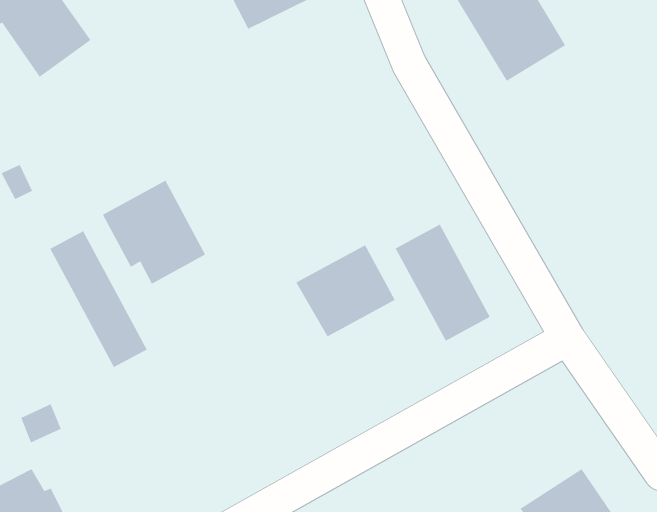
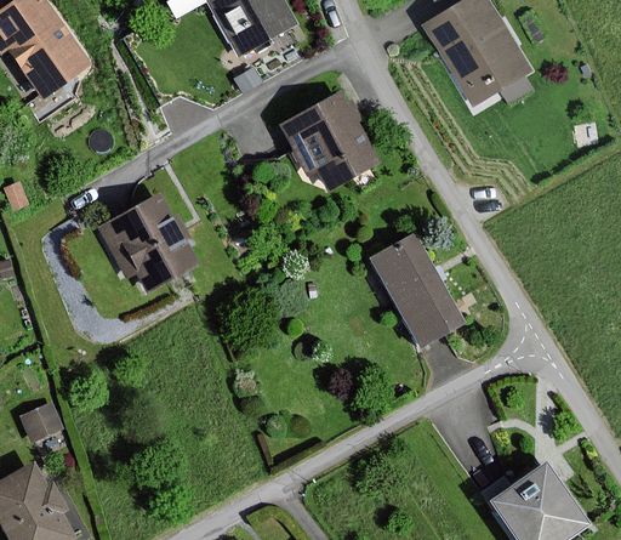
building: none -> [280,92,377,188]
building: [49,230,148,368] -> none
building: [295,244,396,338] -> none

